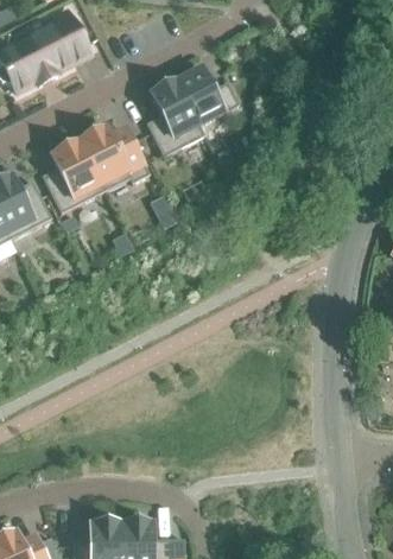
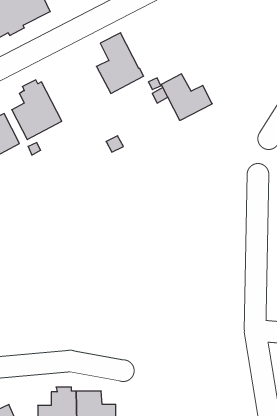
building: [175,66,237,123] -> [161,74,212,120]
building: [77,125,148,189] -> none

